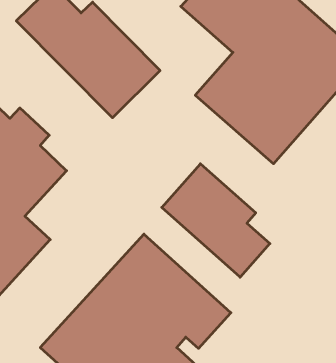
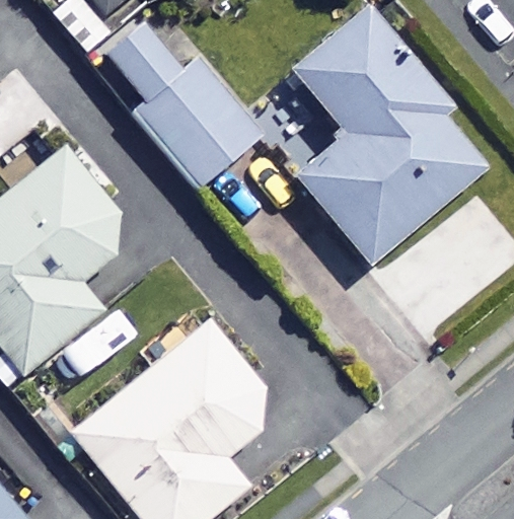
building: [162,164,270,277] -> none

